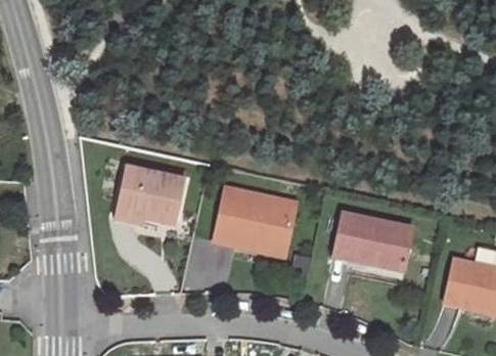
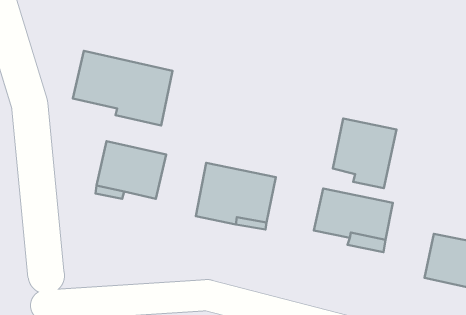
building: none -> [73,51,173,126]
building: none -> [333,118,396,188]

